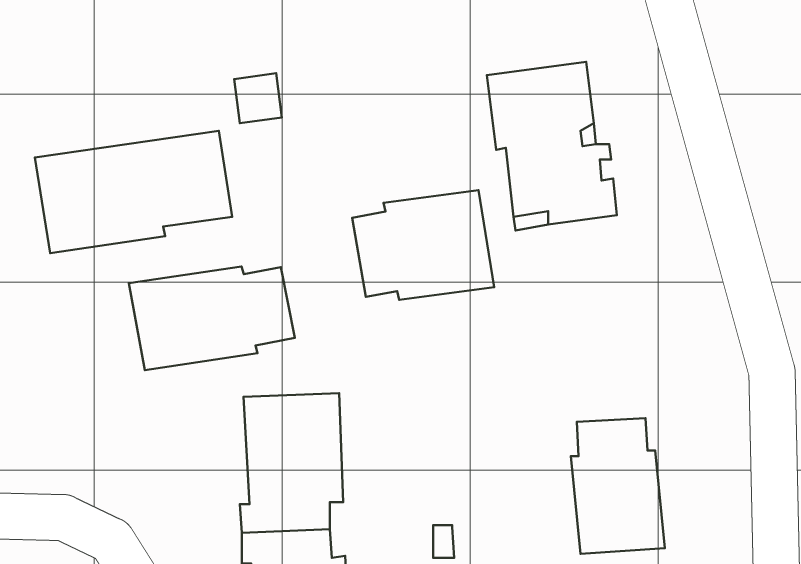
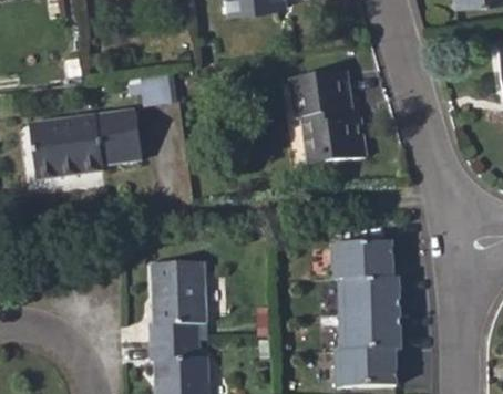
building: [352,190,494,300] -> none
building: [129,266,295,370] -> none
building: none -> [341,249,382,279]

